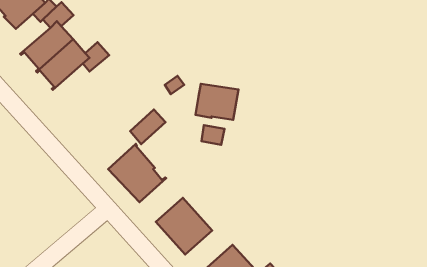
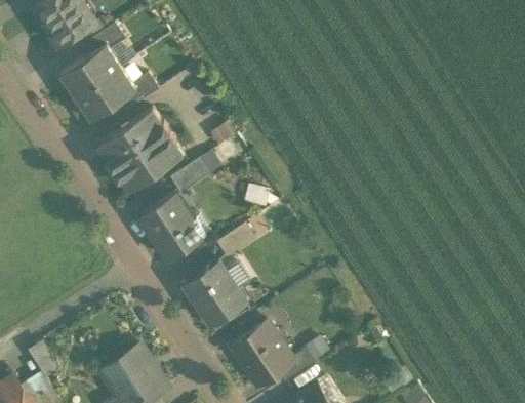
building: none -> [96,110,181,192]
building: [196,84,239,120] -> none
building: none -> [215,225,253,258]

